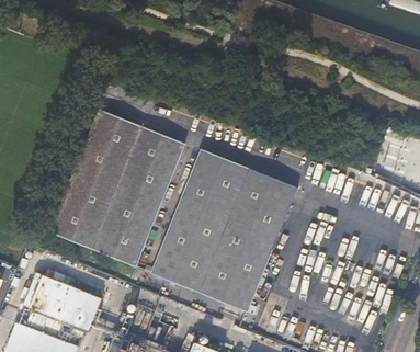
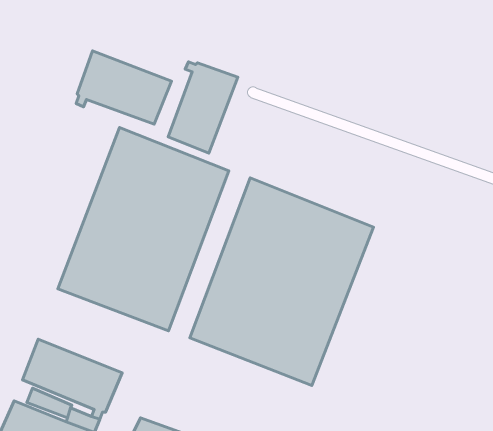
building: none -> [76,51,171,124]
building: none -> [168,62,238,153]

